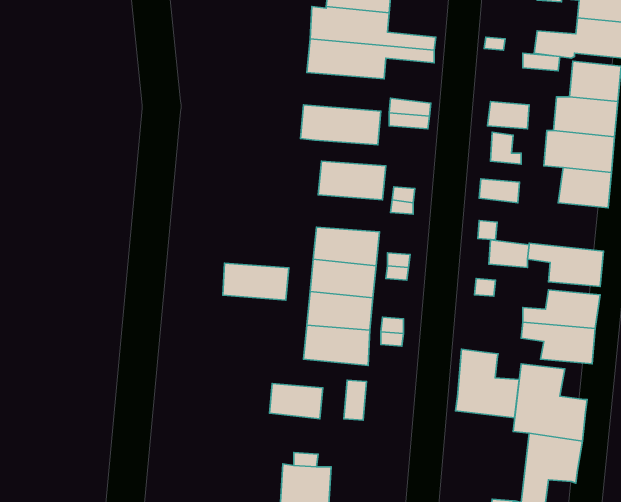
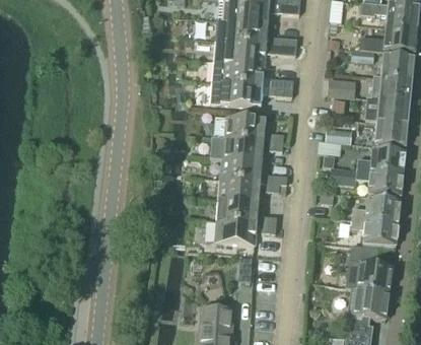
building: none -> [214,62,265,86]
building: none -> [356,149,405,175]
building: [223,263,289,300] -> [222,139,264,162]
building: [456,349,519,418] -> none
building: [270,384,323,419] -> none

